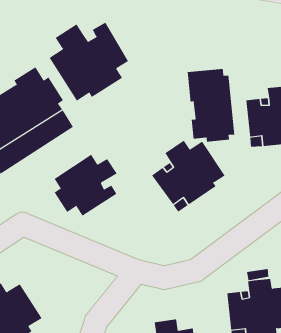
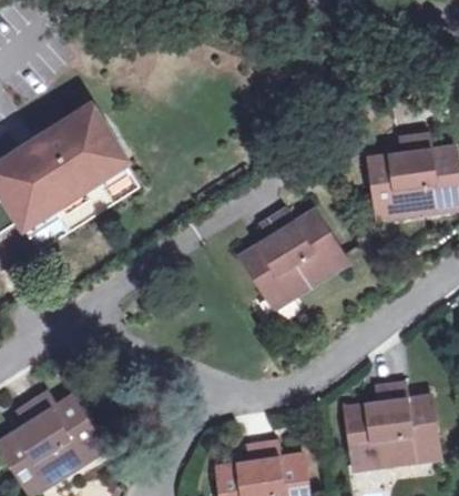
building: [49,22,129,102] -> none
building: [187,68,235,143] -> none
building: [54,154,117,216] -> none

